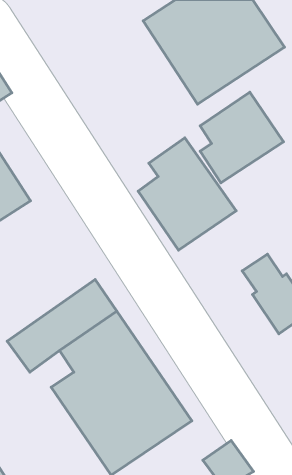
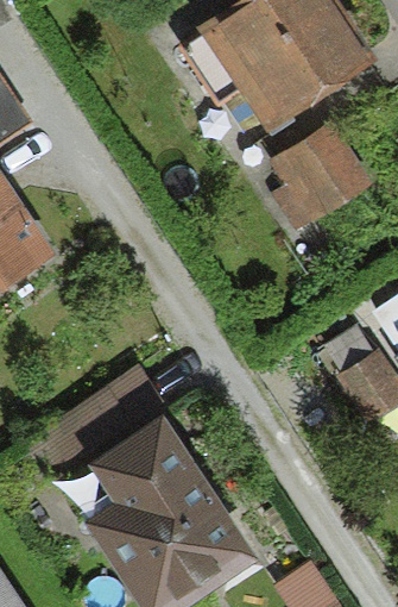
building: [138,138,236,250] -> none

